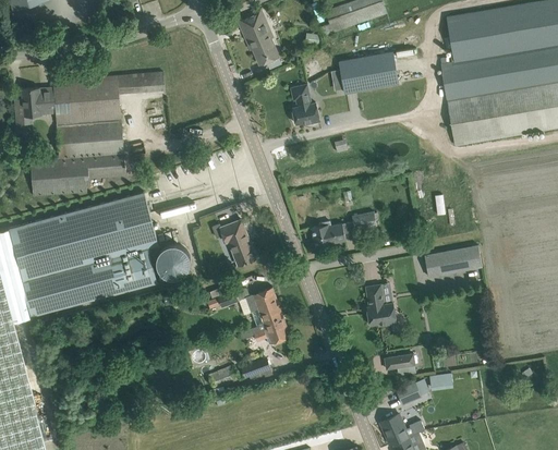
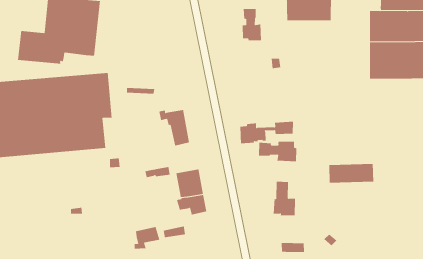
building: none -> [258,141,297,162]
building: [157,244,187,276] -> none

